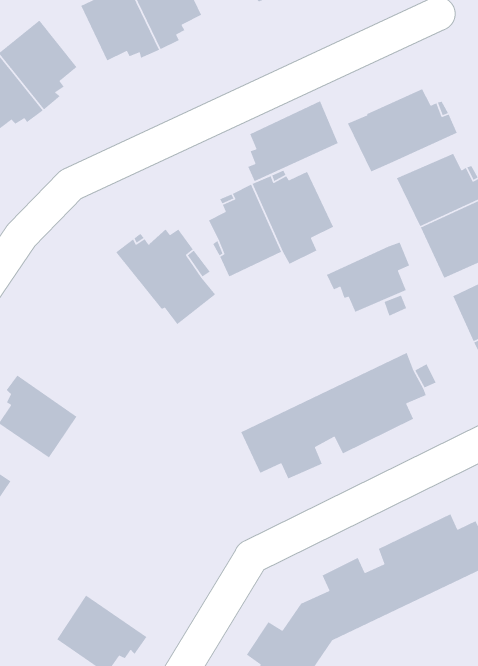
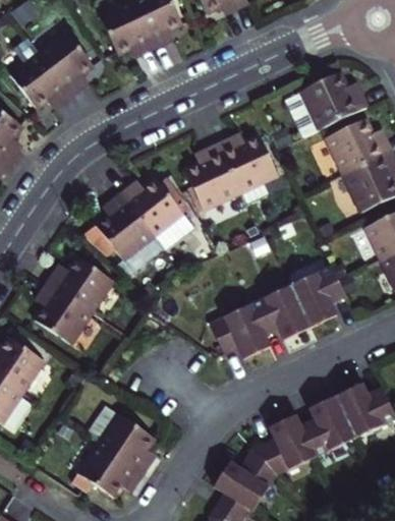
building: [247,100,339,182] -> none
building: [326,241,410,313] -> none
building: none -> [96,193,161,278]
building: none -> [48,254,114,312]
building: none -> [87,403,156,472]

